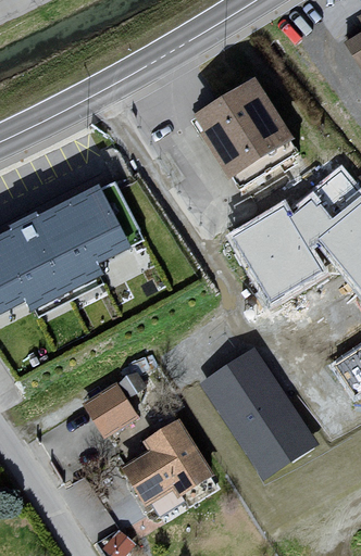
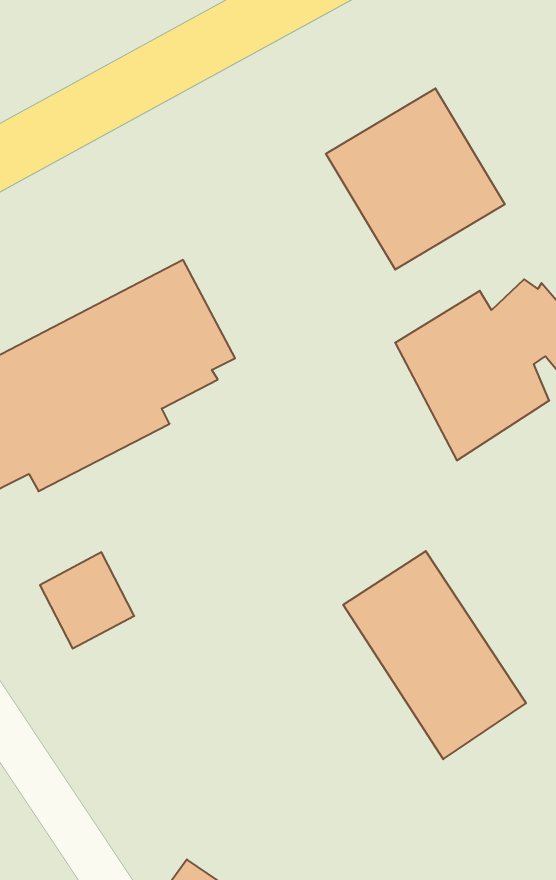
building: [82,382,135,437] -> [40,552,134,649]
building: [120,416,215,506] -> none

